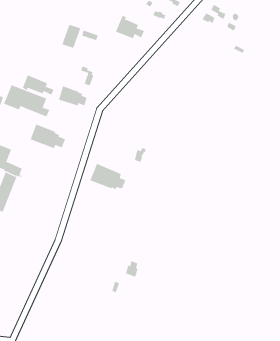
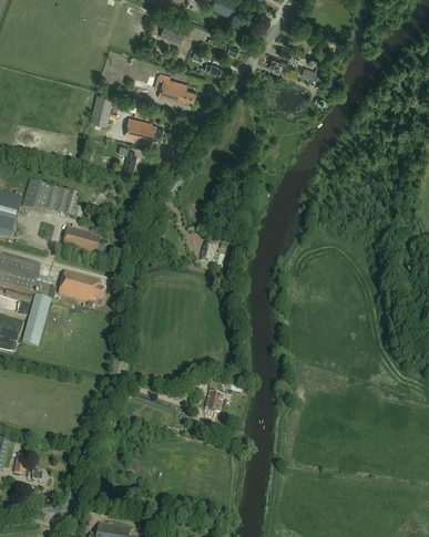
building: [22,75,54,95] -> none
building: [58,86,87,106] -> [124,115,162,140]
building: [89,163,126,190] -> [57,269,104,301]

